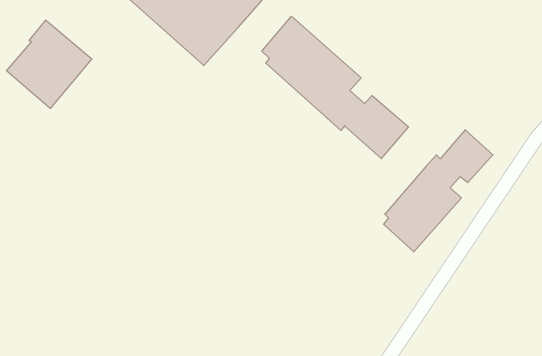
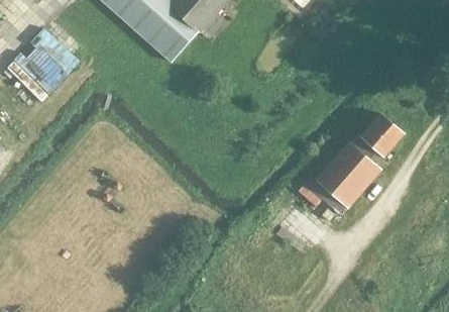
building: [262,16,408,159] -> none

